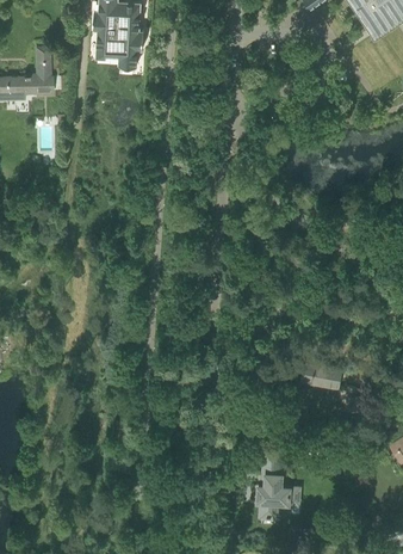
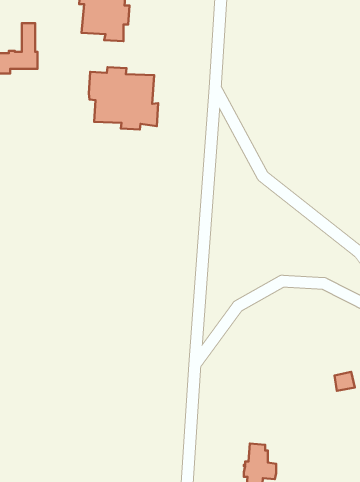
building: none -> [89,67,158,130]
building: [302,361,341,389] -> none

